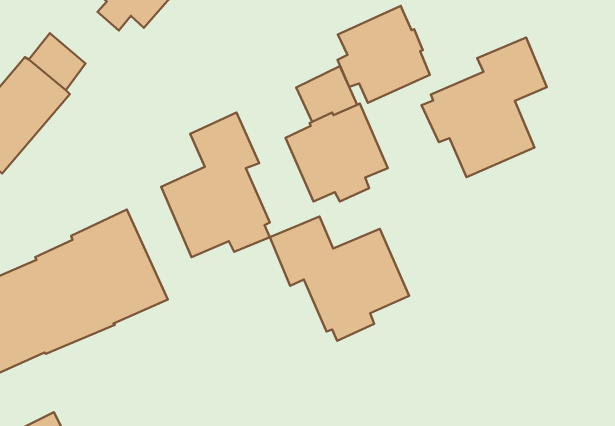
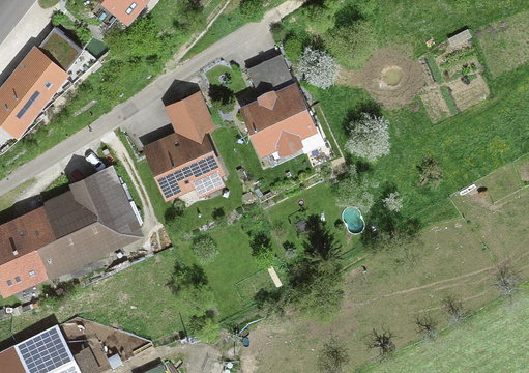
building: [338,6,430,103] -> none
building: [422,37,547,177] -> none
building: [270,217,409,341] -> none

